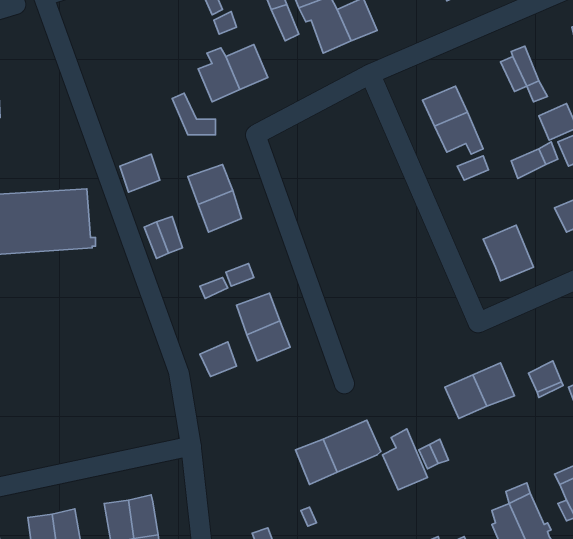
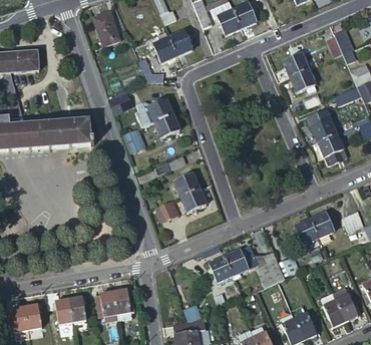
building: none -> [92,10,120,45]
building: none -> [308,110,337,140]

